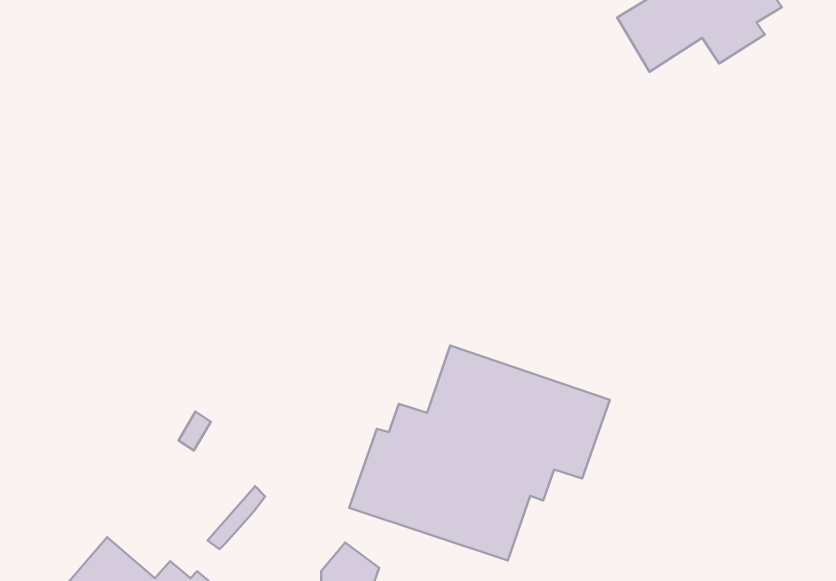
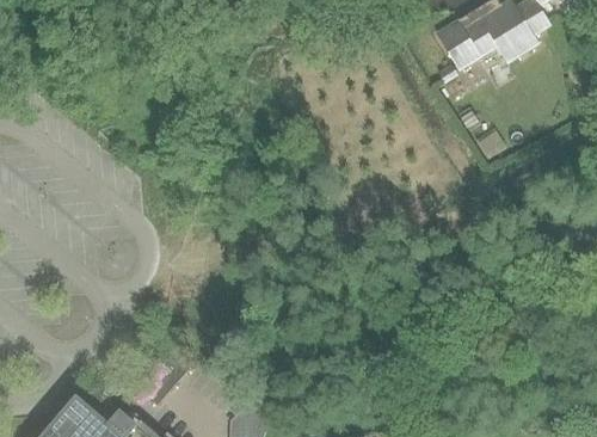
building: [349,345,610,560] -> none

